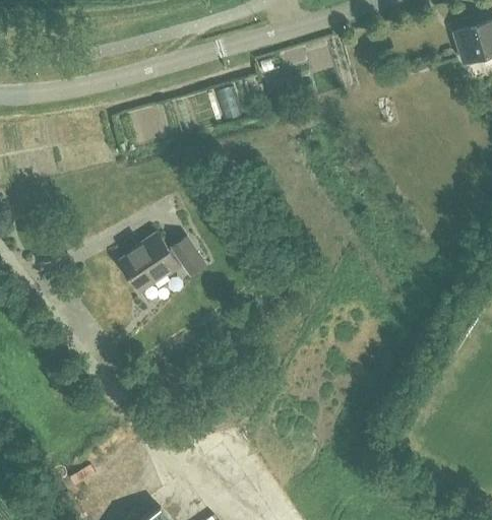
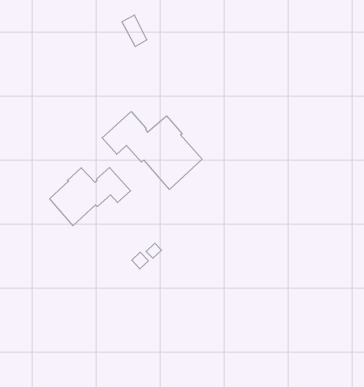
building: none -> [102,112,202,189]

